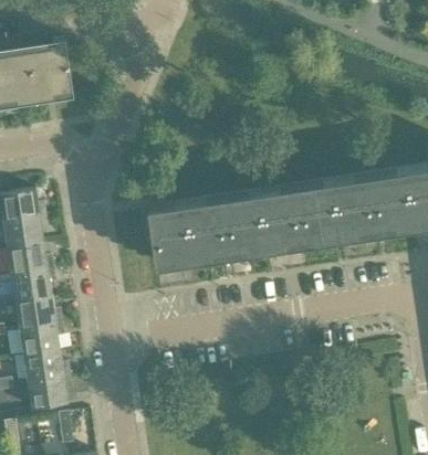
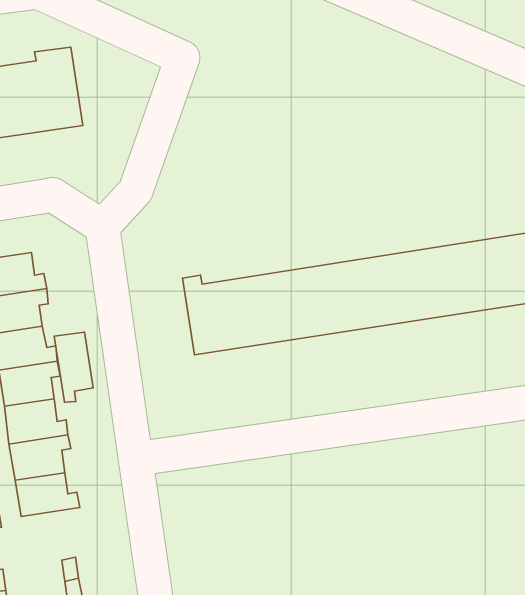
building: none -> [54,332,93,402]
building: [28,375,72,409] -> none

